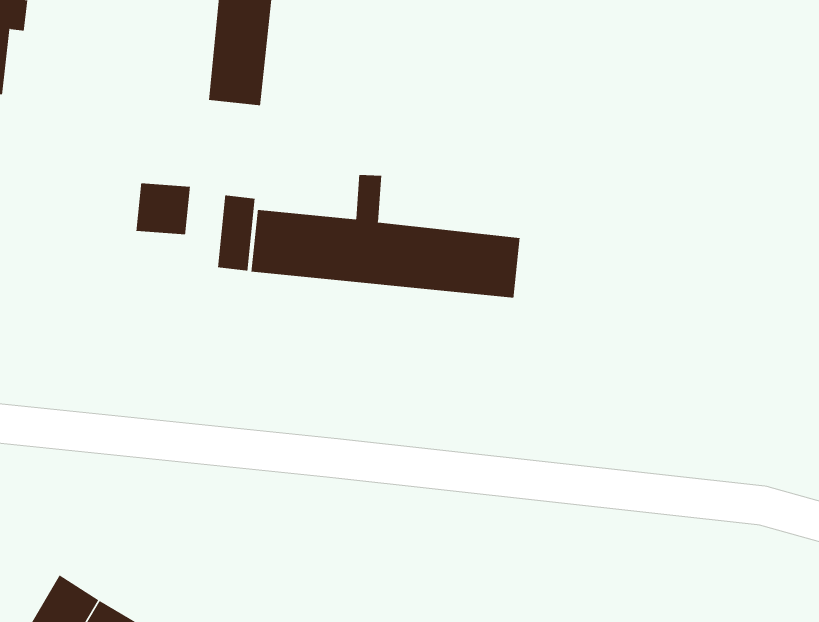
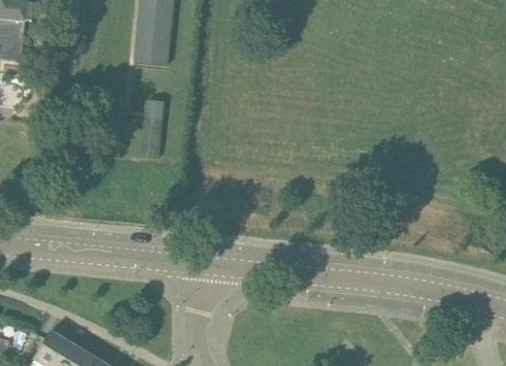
building: [251,174,520,299] -> none
building: [136,182,190,235] -> none

